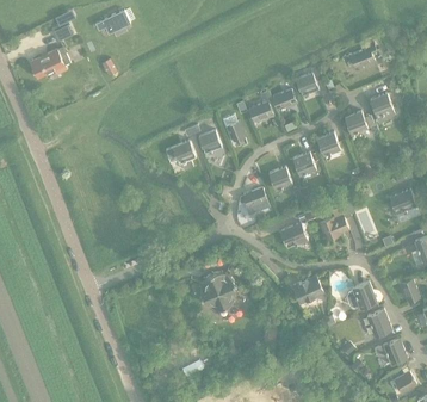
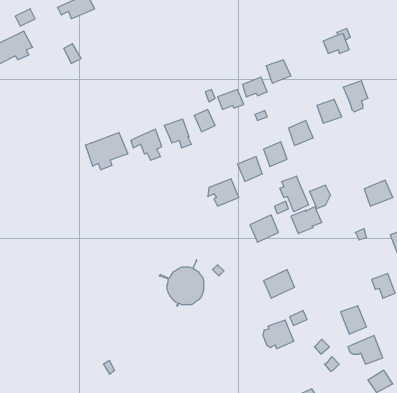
building: none -> [86,132,128,170]
building: none -> [280,176,308,212]
building: [345,280,375,308] -> [263,320,294,349]

